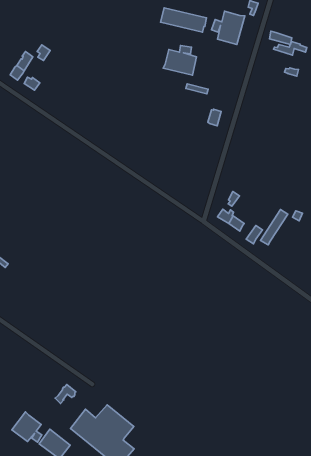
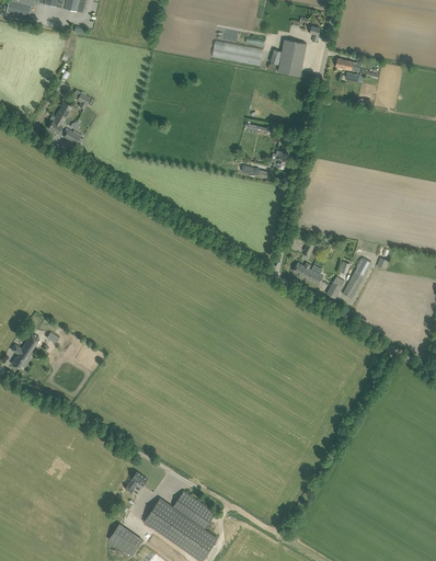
building: [163,45,197,75] -> none
building: [12,412,42,442] -> none

